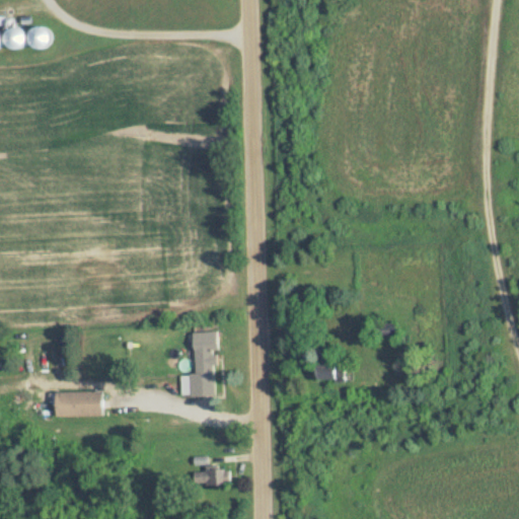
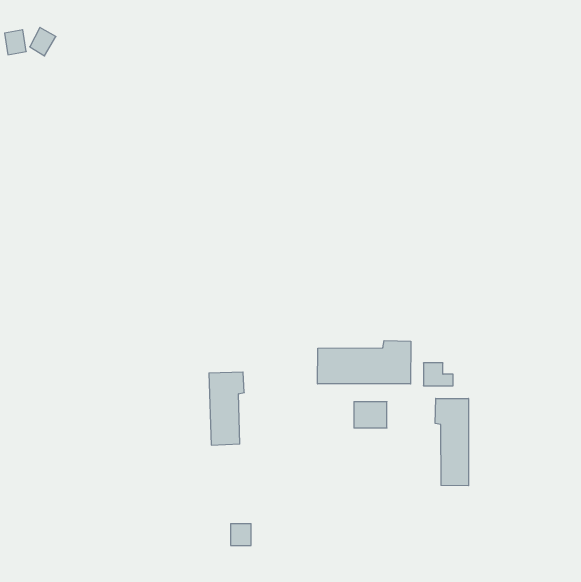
building: none -> [318,341,411,384]
building: none -> [435,398,468,486]
building: [54,391,101,417] -> none

